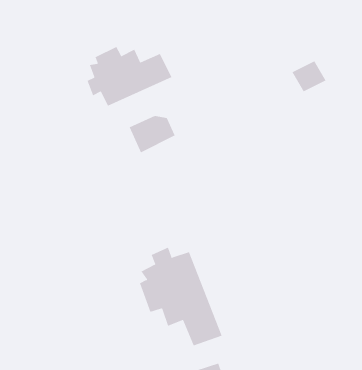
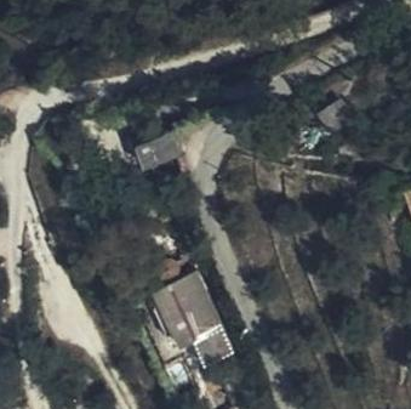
building: [87,46,172,107] -> none

